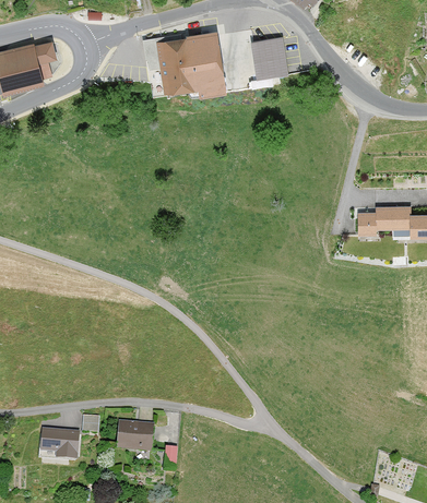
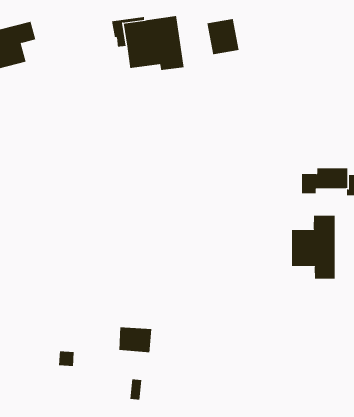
building: none -> [292,215,335,280]
building: [117,421,155,451] -> [118,327,152,353]
building: [40,426,80,457] -> none

